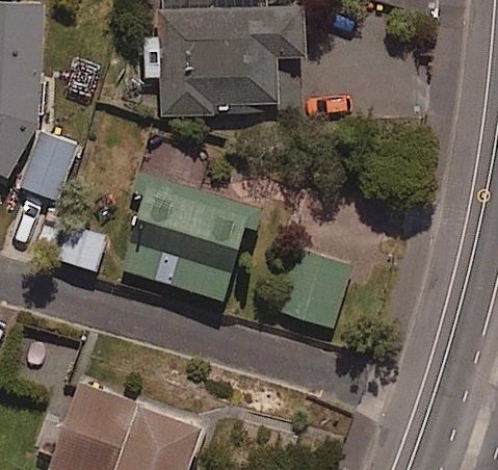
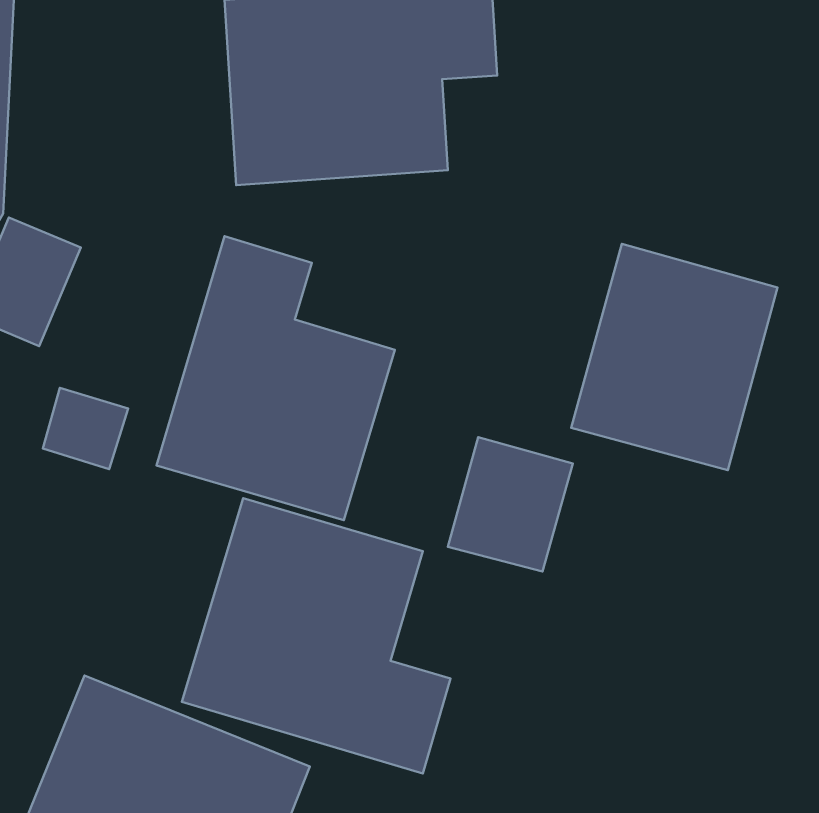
building: none -> [571,244,777,470]
building: none -> [182,498,450,774]

